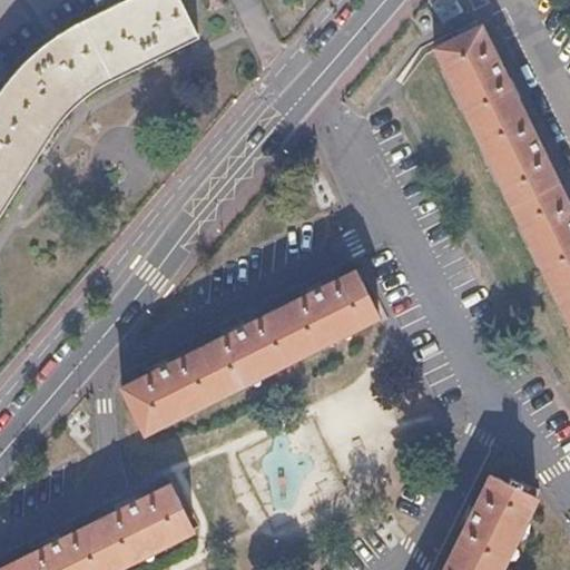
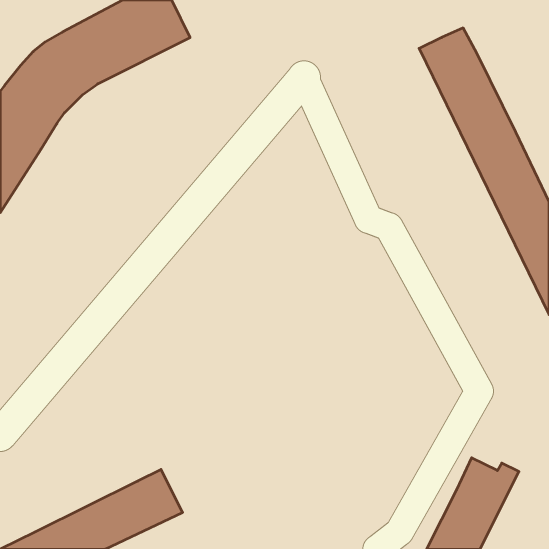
building: [120,271,374,432] -> none

